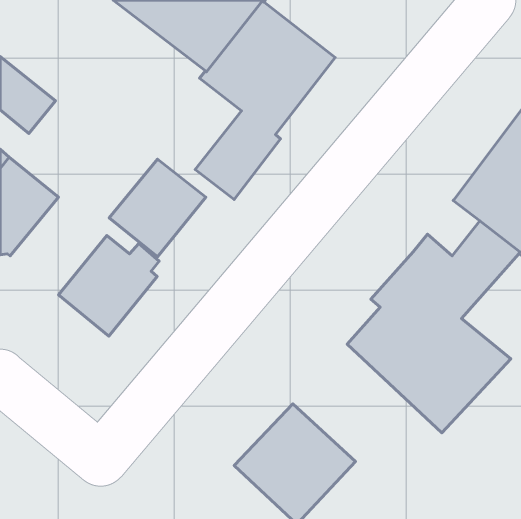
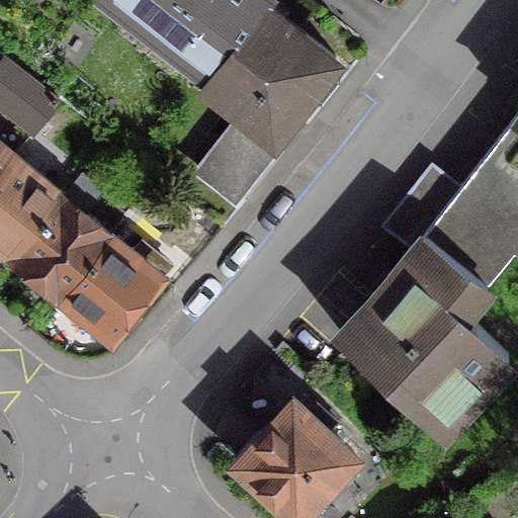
building: [109,159,206,257] -> [14,200,109,296]
building: none -> [386,182,477,258]

